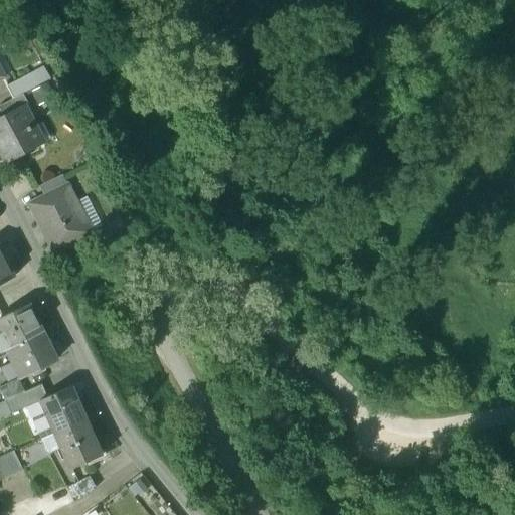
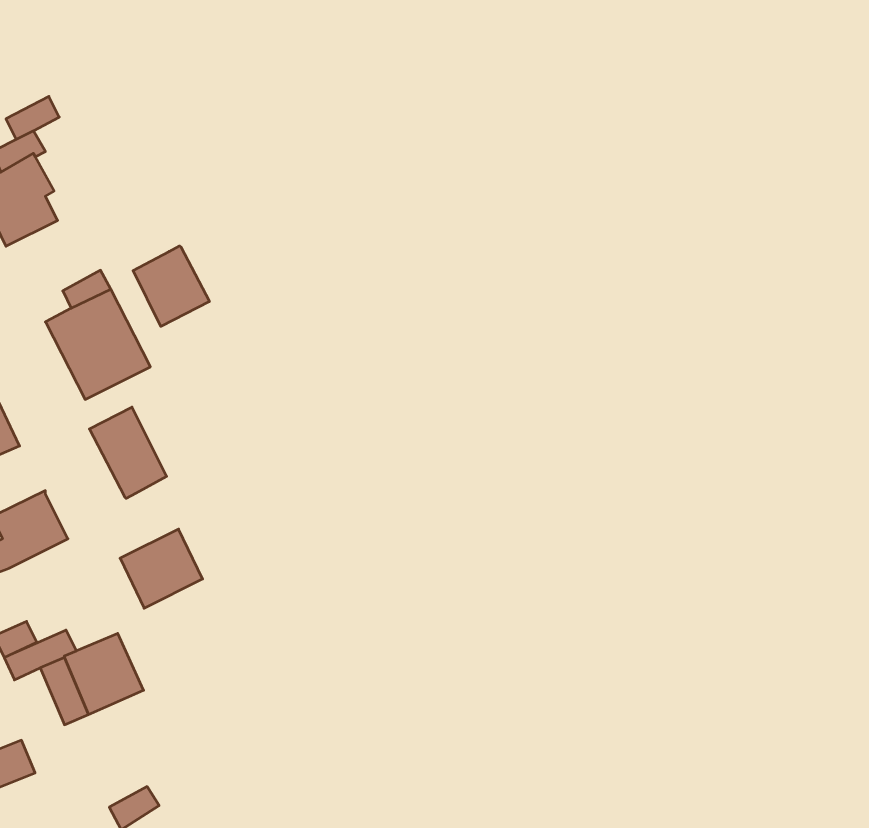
building: none -> [133,246,209,326]
building: none -> [89,407,167,498]
building: [8,331,56,377] -> [120,529,203,608]
building: [54,419,102,468] -> none

